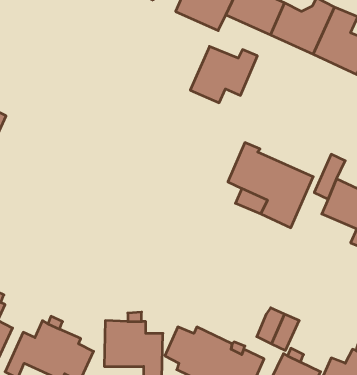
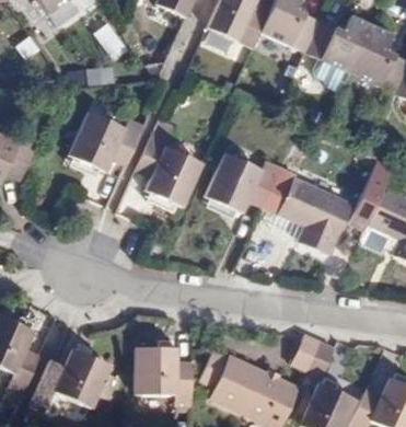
building: [190,46,257,103] -> [211,154,280,212]
building: none -> [66,111,142,169]
building: none -> [132,128,198,205]

